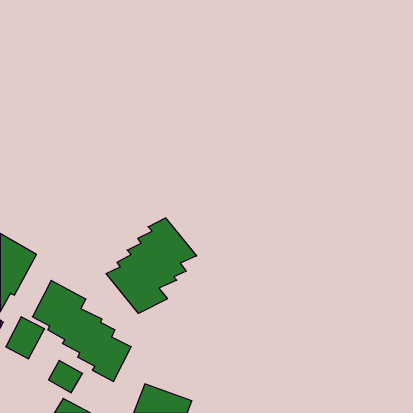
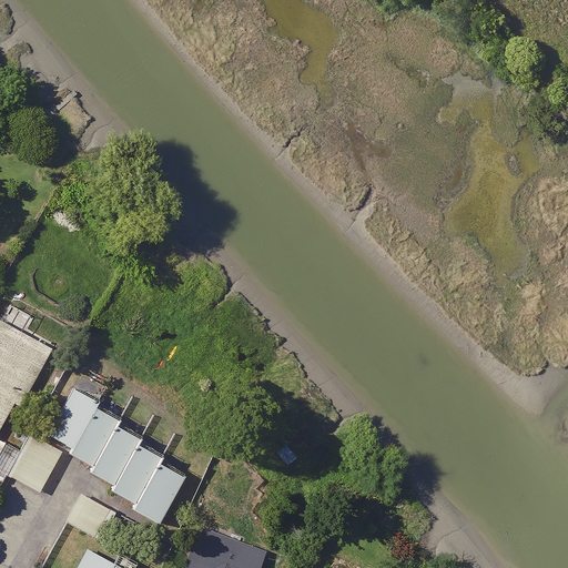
building: [106,218,197,313] -> none

